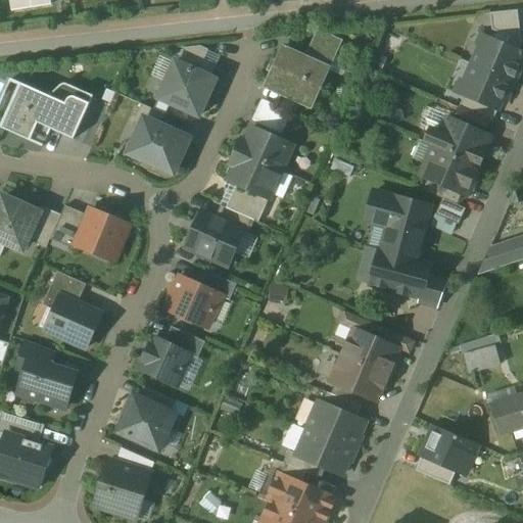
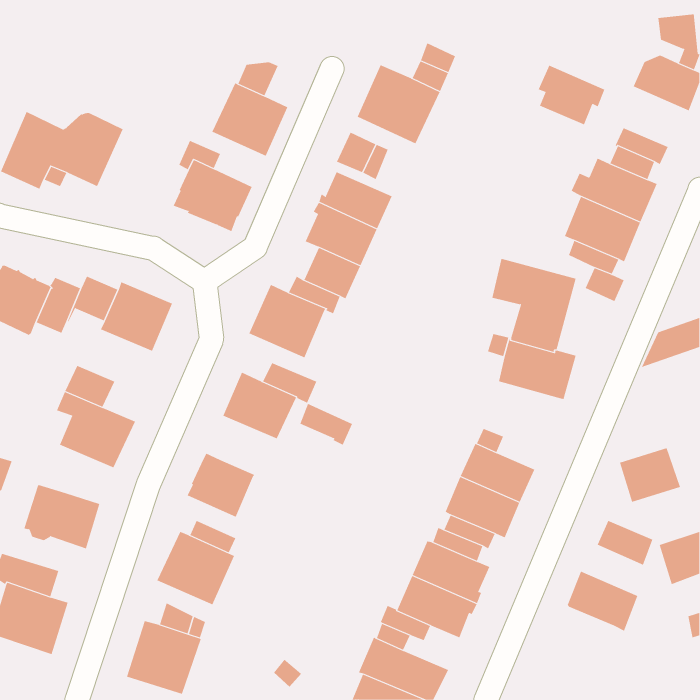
building: [463,64,513,109] -> [538,65,605,125]
building: [418,265,448,306] -> none
building: [164,327,204,359] -> [299,403,353,446]
building: [20,340,54,367] -> none
building: [415,451,457,485] -> [597,520,653,566]

